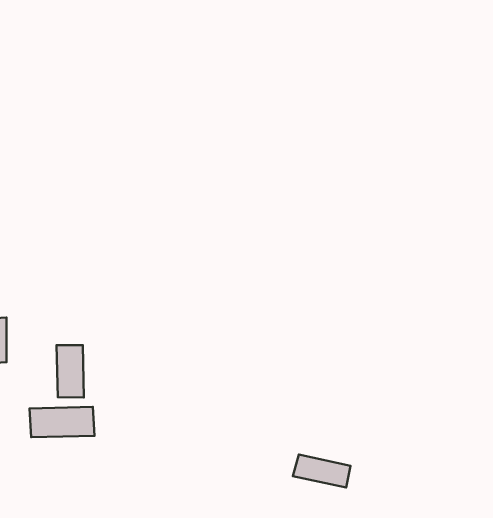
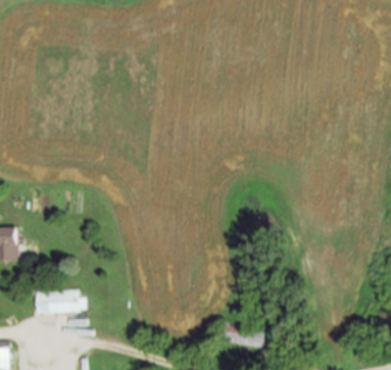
building: [57,345,84,397] -> none

